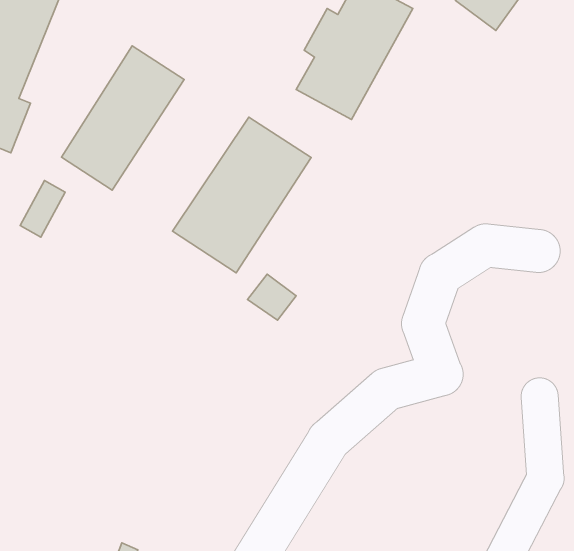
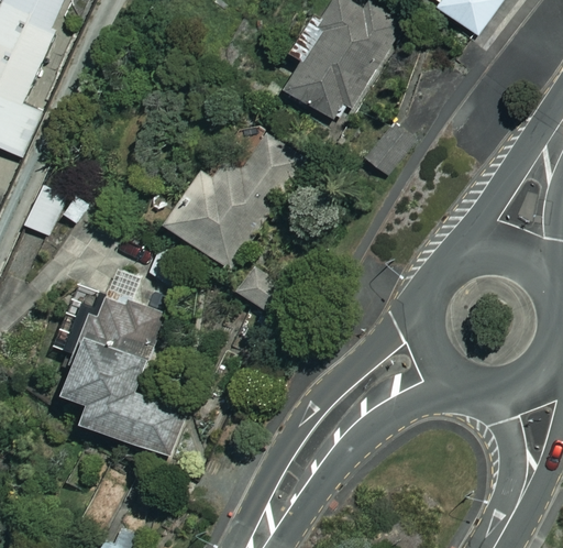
building: [61,46,184,190] -> none
building: none -> [55,266,180,456]

